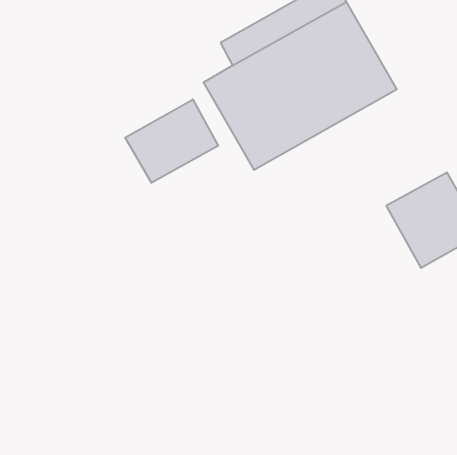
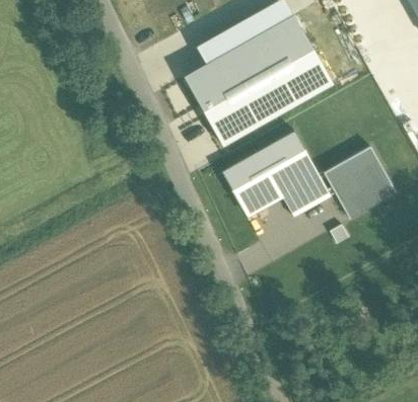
building: [125,99,218,183] -> none
building: none -> [221,131,331,218]

